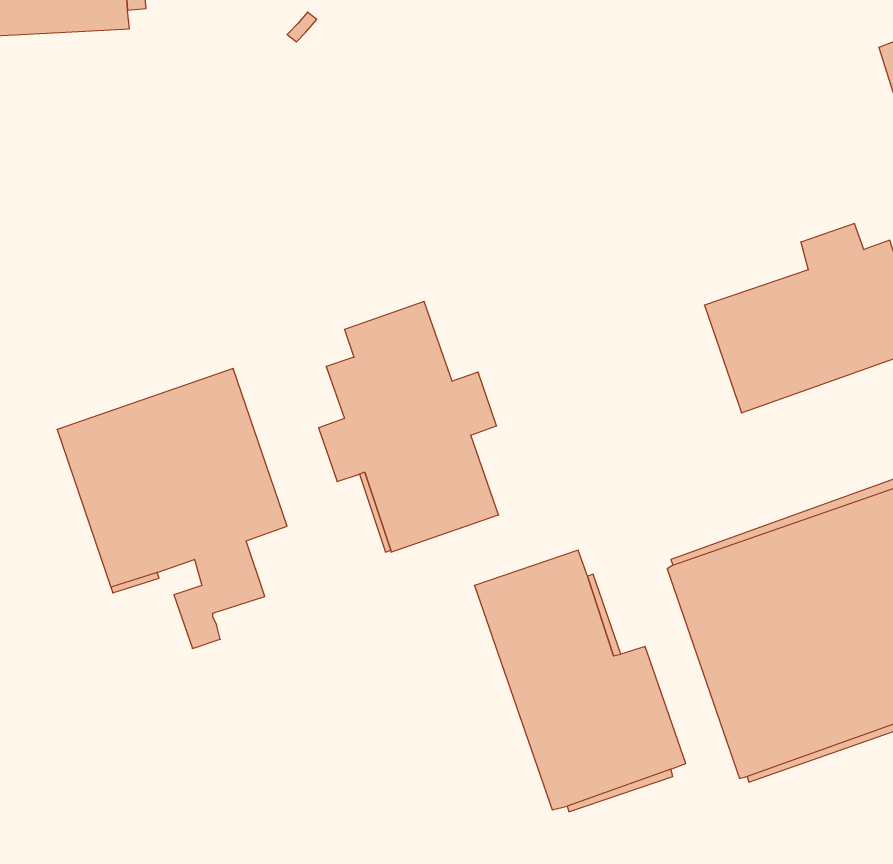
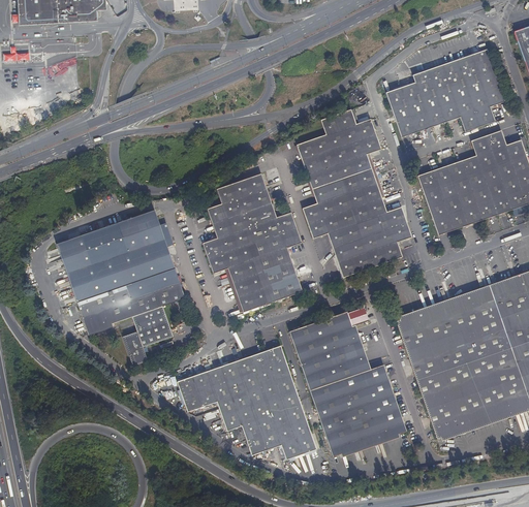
building: none -> [386,50,505,136]
building: none -> [297,108,412,277]
building: none -> [178,345,317,458]

